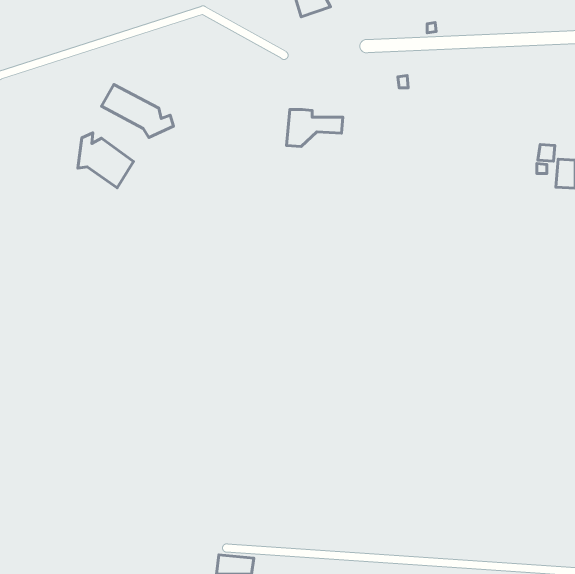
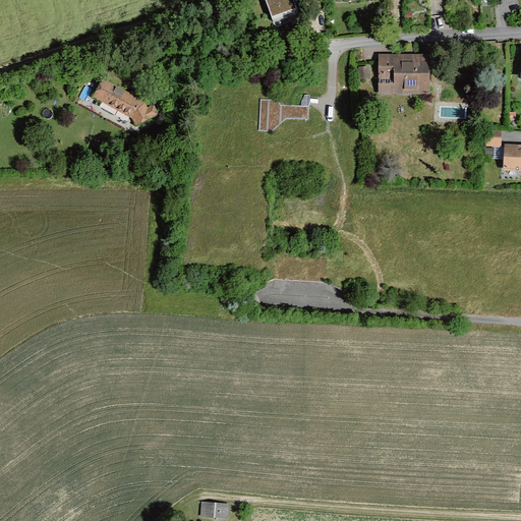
building: none -> [379,54,430,94]
building: [78,133,133,188] -> none

